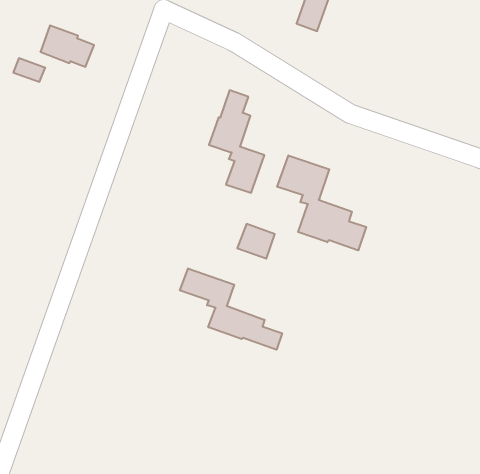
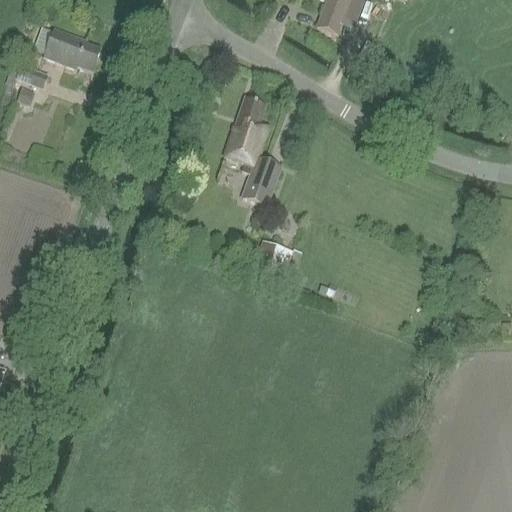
building: [277,155,366,250] -> none
building: [180,268,282,350] -> none

